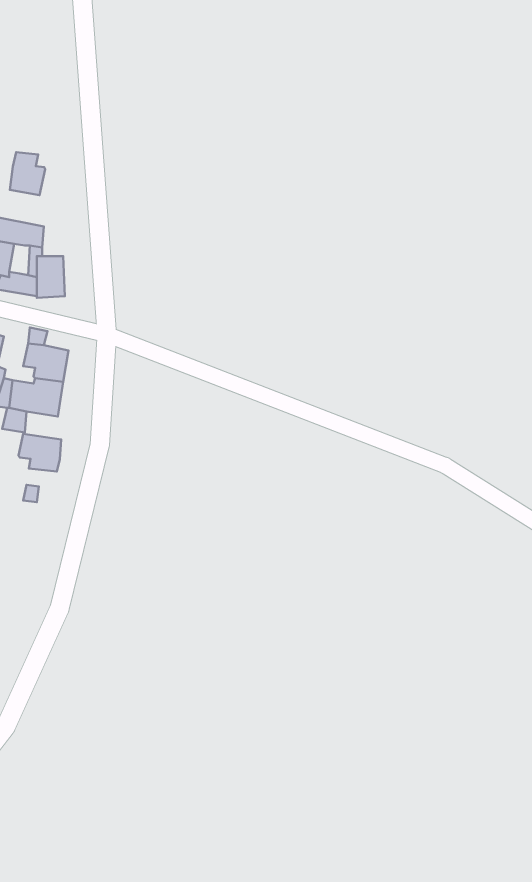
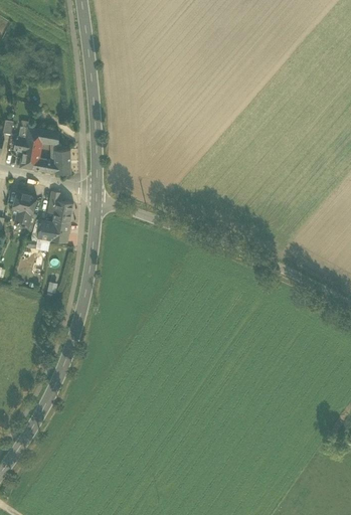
building: [10,152,45,195] -> none
building: [18,434,61,472] -> none

